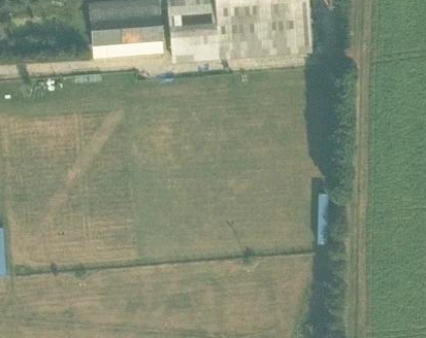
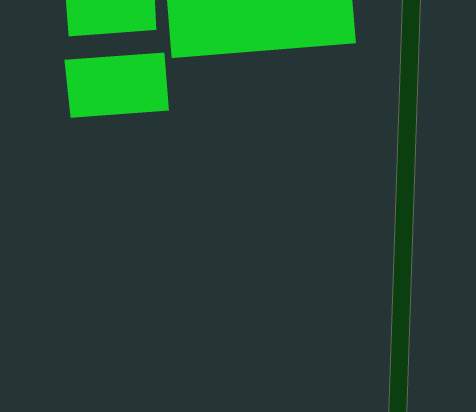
building: none -> [64,52,169,119]

